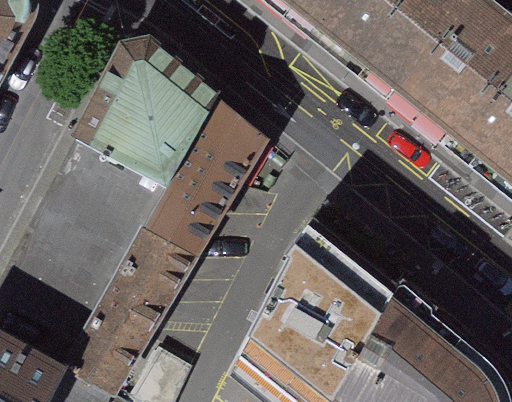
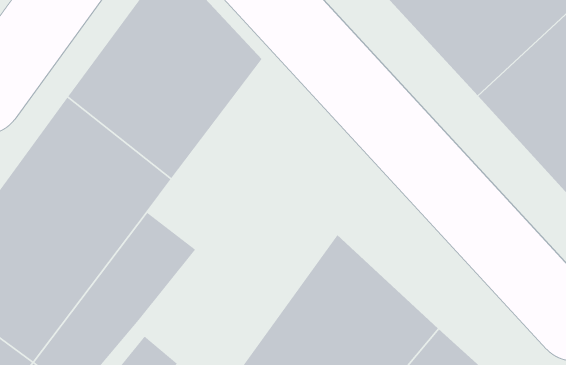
building: [148,99,270,264] -> none

